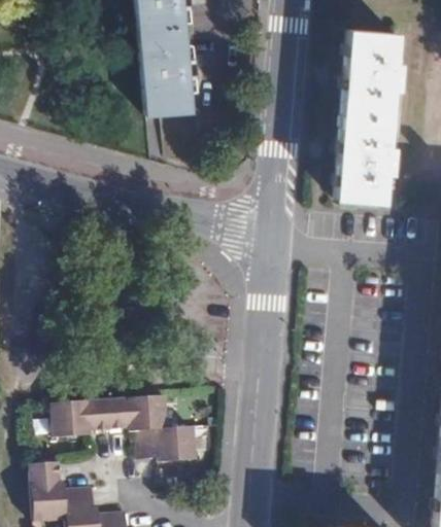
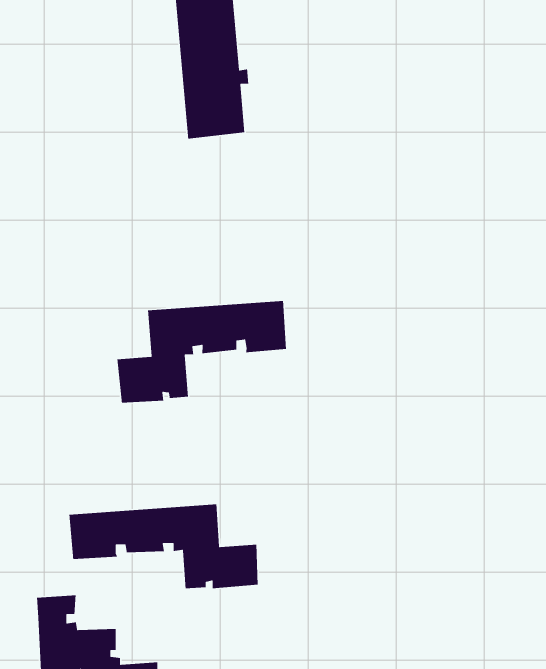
building: [336,28,400,199] -> none
building: none -> [116,300,287,404]

